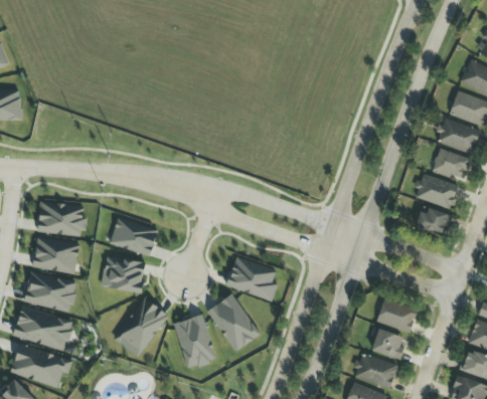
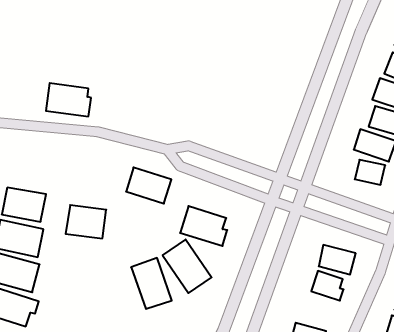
building: [37,201,87,237] -> [46,83,91,116]
building: [110,217,159,256] -> [126,167,171,204]
building: [114,297,169,357] -> none
building: [354,354,398,389] -> none

